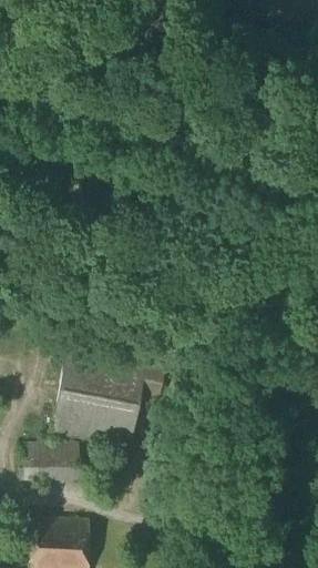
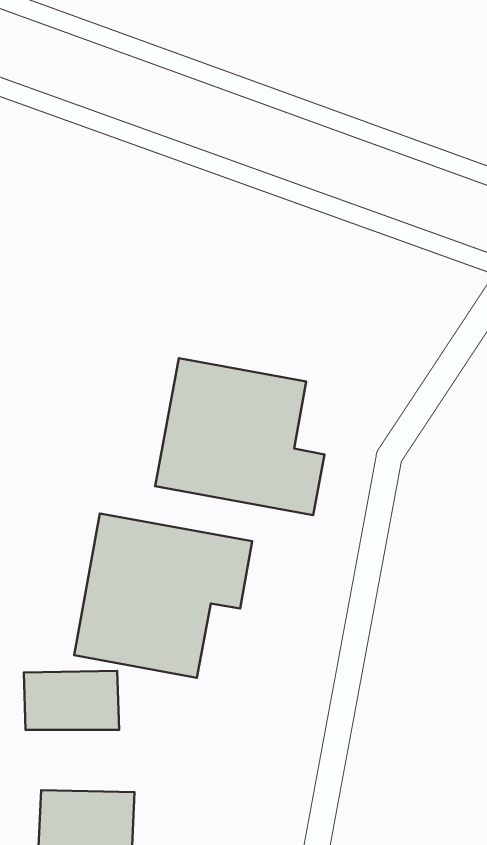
building: none -> [155,358,325,515]

